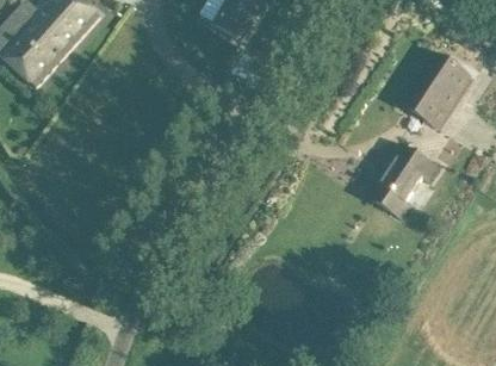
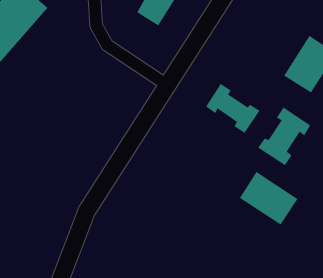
building: none -> [205,83,260,134]
building: none -> [239,171,298,225]

